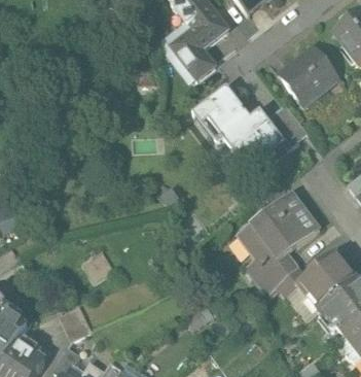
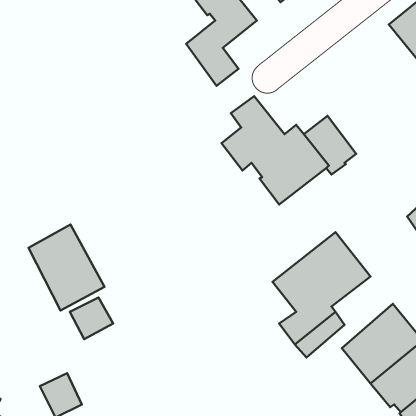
building: [287,44,333,104] -> none
building: none -> [28,224,104,311]

